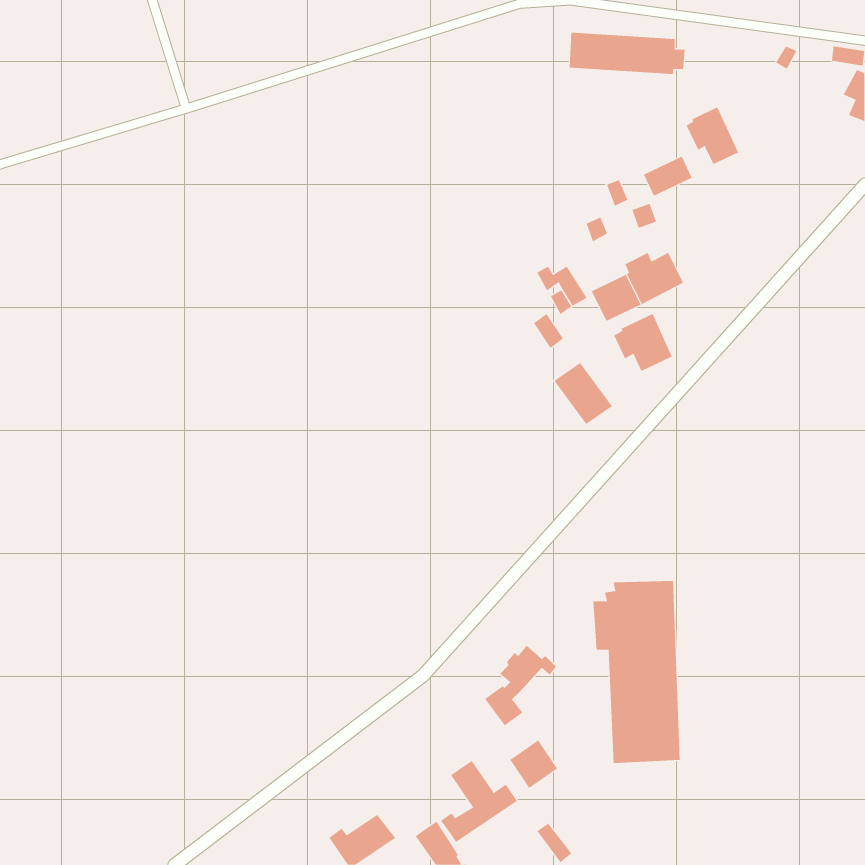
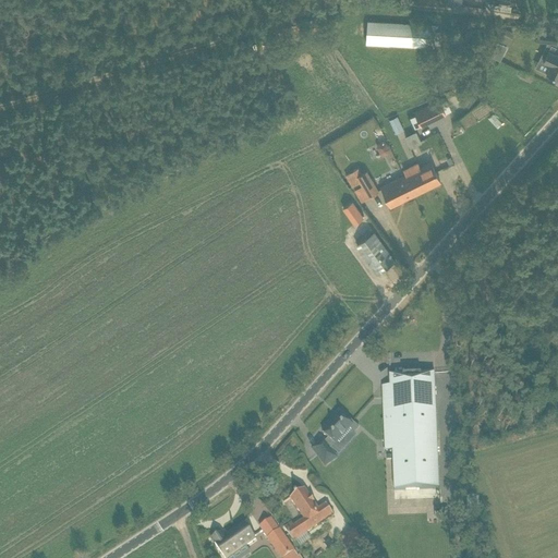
building: [686,107,739,165] -> none
building: [614,313,673,372] -> none
building: [509,739,558,789] -> none

